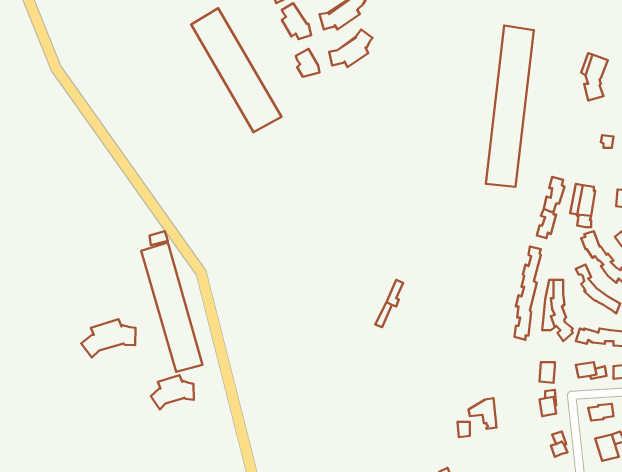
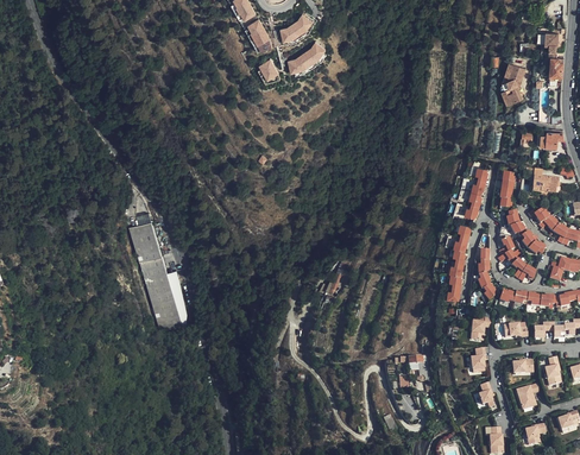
building: [191,8,281,132] -> none
building: [486,26,534,187] -> none
building: [81,319,135,357] -> none
building: [151,375,194,409] -> none

